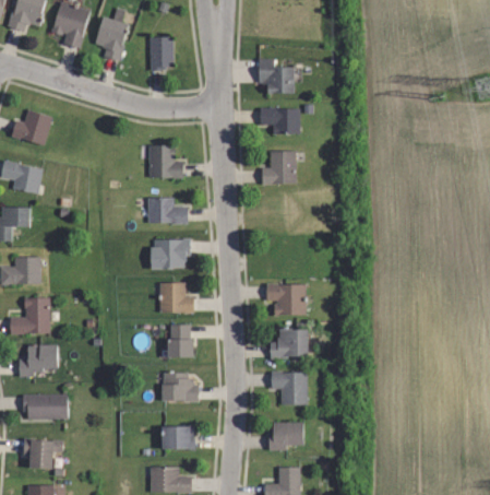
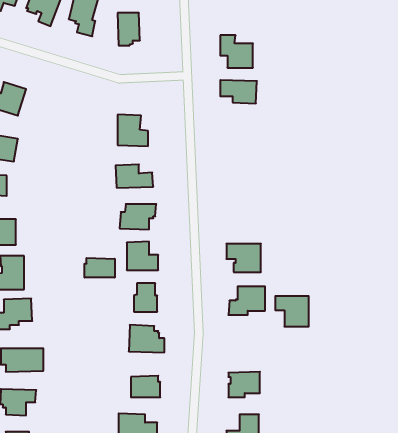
building: [261,150,295,182] -> none
building: none -> [85,258,115,278]
building: [271,372,307,404] -> [275,296,309,327]

